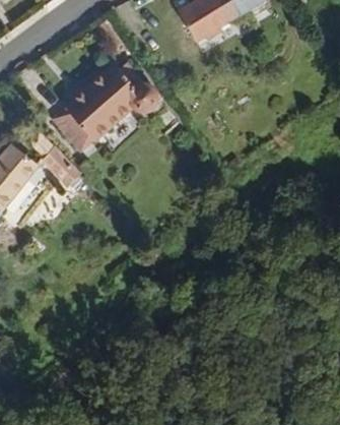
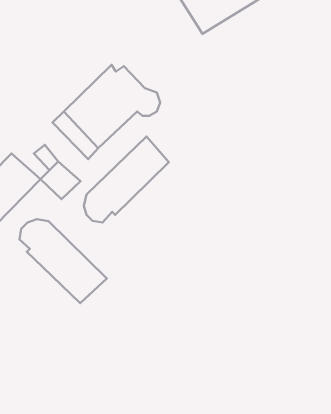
building: none -> [84,136,169,222]
building: none -> [19,219,107,303]

